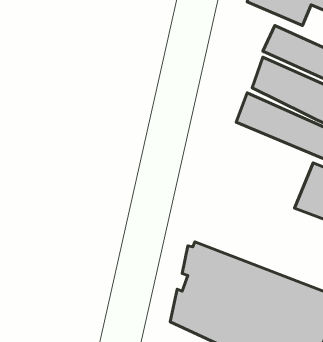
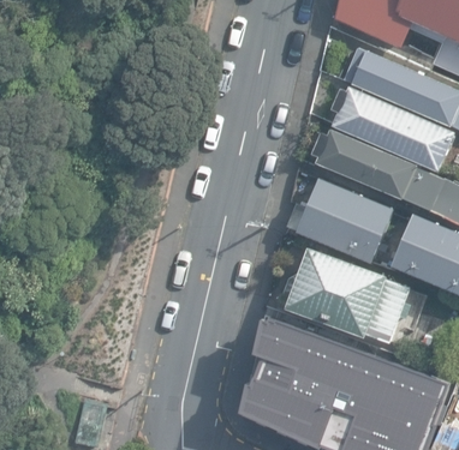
building: none -> [294,178,393,264]
building: none -> [282,247,411,343]

